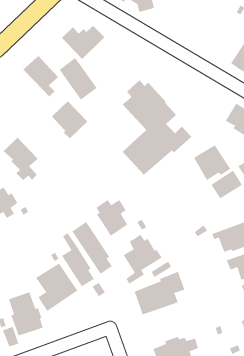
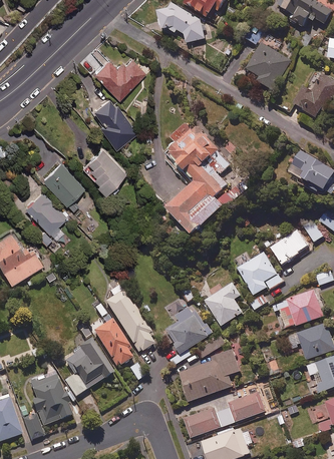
building: none -> [248,42,292,90]
building: [23,55,59,97] -> [40,160,83,210]
building: [193,144,231,181] -> [238,252,283,295]
building: [95,199,128,236] -> [204,282,243,326]
building: none -> [184,391,266,438]

